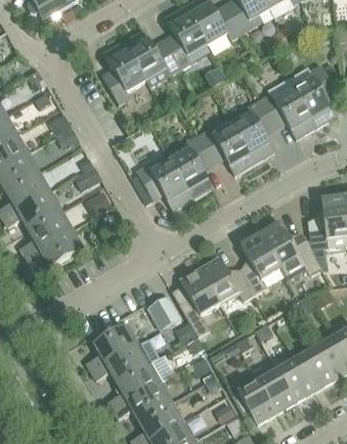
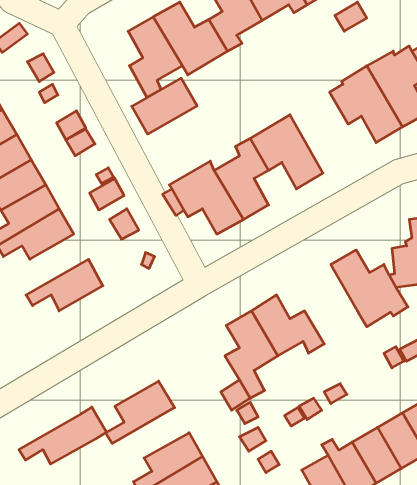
building: none -> [132,78,197,134]
building: [229,100,275,163] -> none
building: [20,210,74,257] -> none
building: [241,233,283,295] -> none
building: [149,297,182,330] -> none
building: [92,339,160,383] -> [19,407,106,464]

